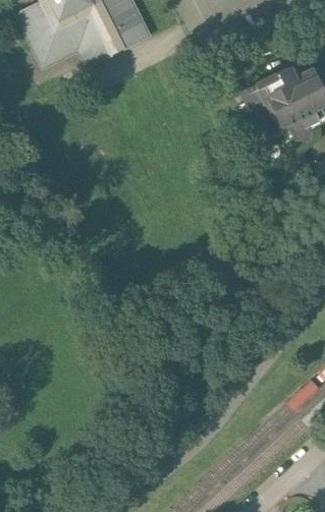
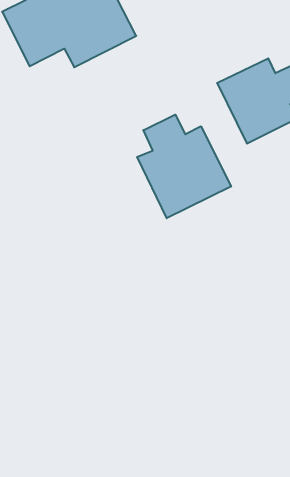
building: none -> [137,115,231,218]

